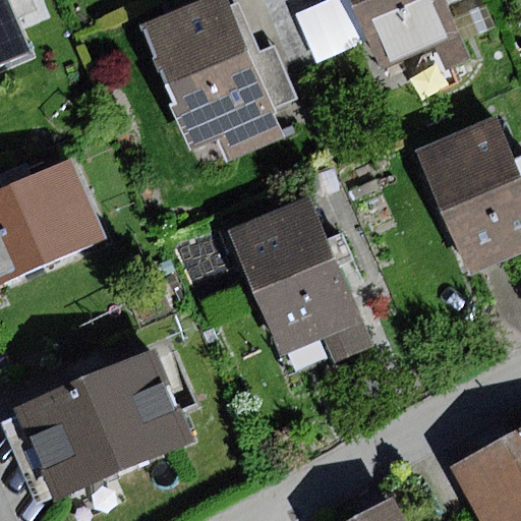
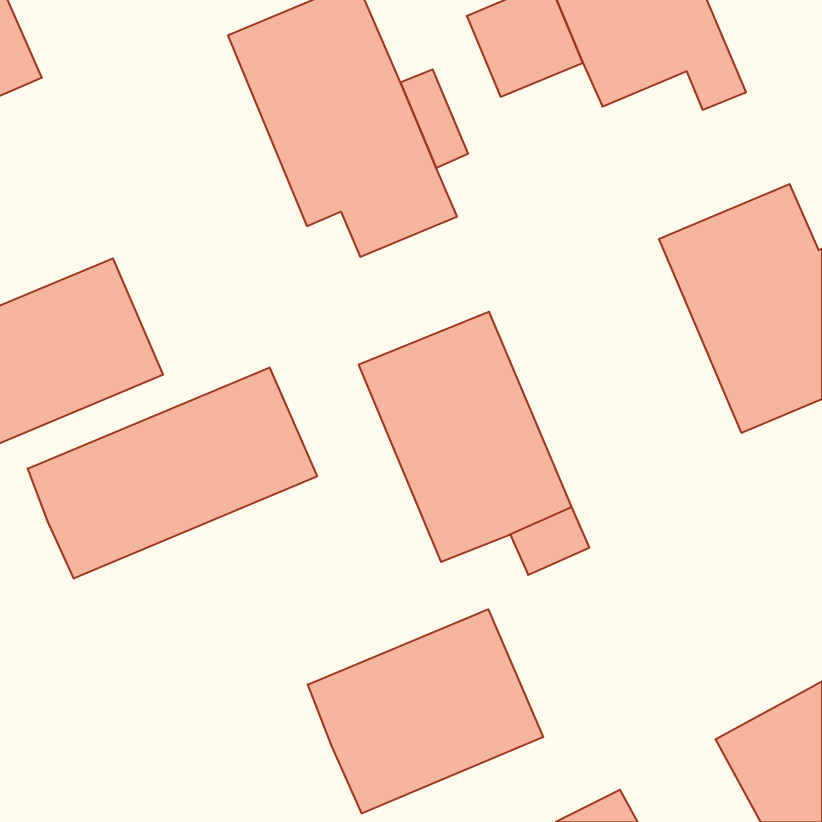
building: none -> [28,367,317,579]
building: [13,349,193,501] -> none
building: none -> [308,609,543,813]

